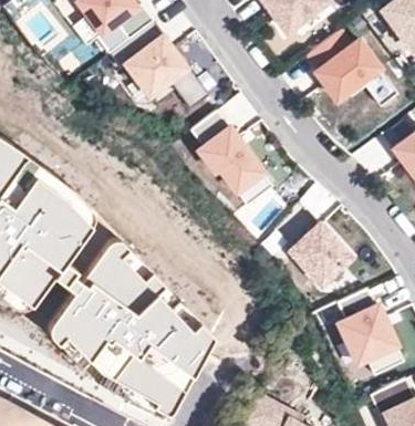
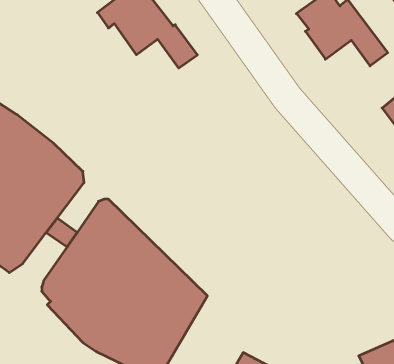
building: [191,113,273,208] -> none
building: [291,227,352,288] -> none
building: [324,295,395,364] -> none

